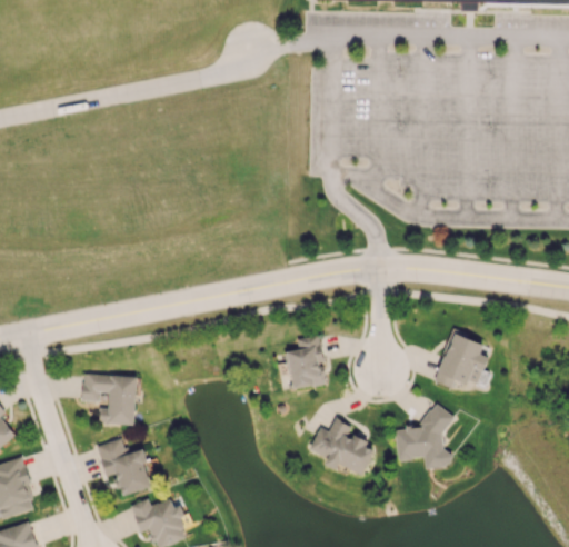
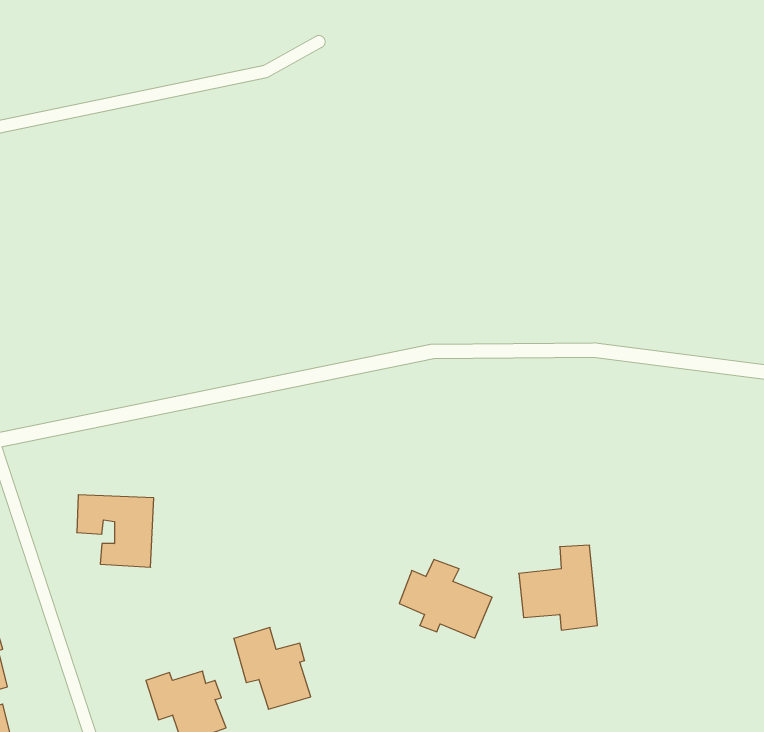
building: [433,331,488,388] -> none
building: [287,336,326,389] -> none
building: [97,438,151,496] -> [234,627,311,709]

